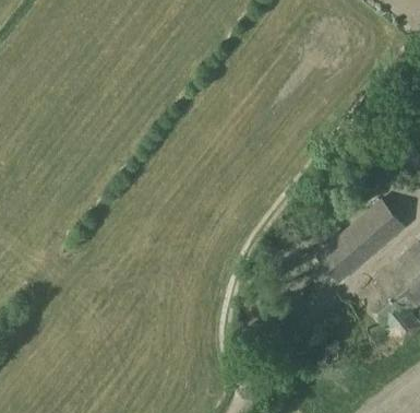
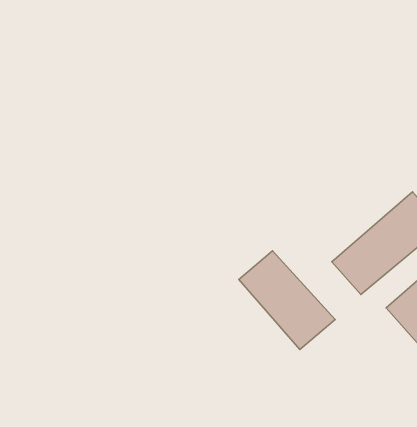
building: none -> [239,251,335,350]

